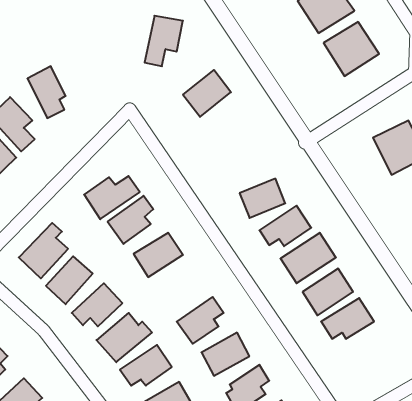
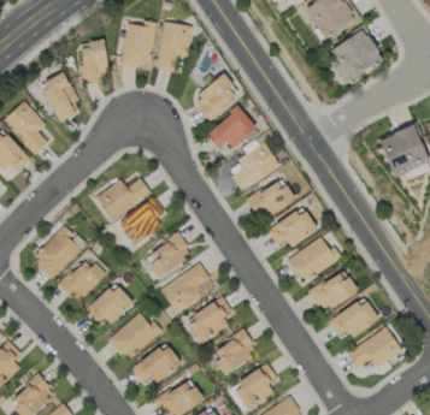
building: none -> [120,20,157,69]
building: none -> [79,40,108,81]
building: none -> [206,106,257,148]
building: none -> [231,142,281,191]
building: none -> [160,262,210,314]
building: none -> [347,327,402,368]

